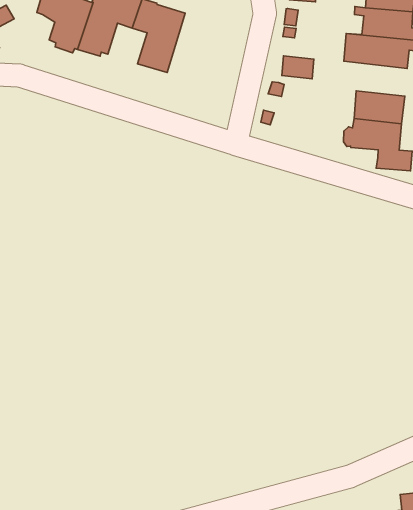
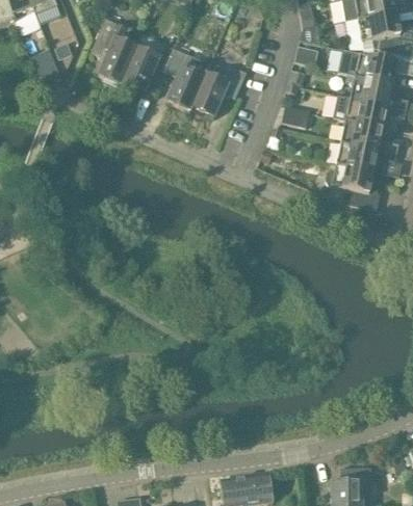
building: none -> [190,60,247,115]
building: none -> [333,115,383,149]

